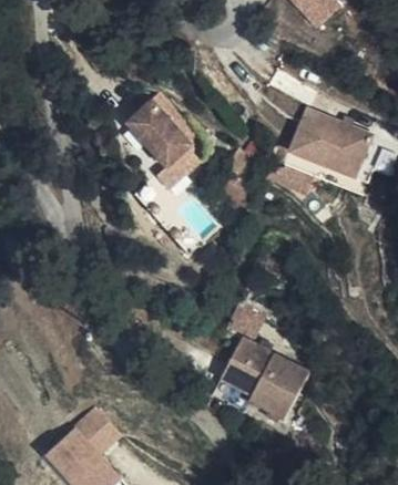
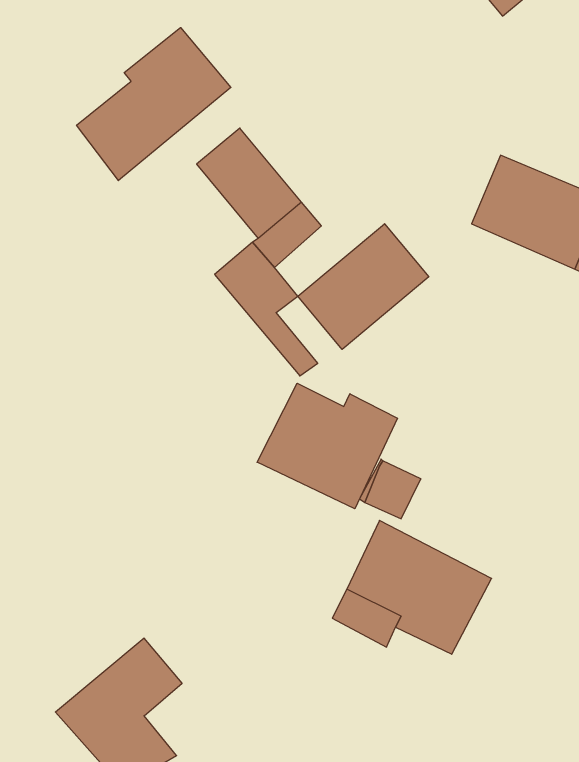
building: none -> [77,28,231,181]
building: none -> [298,224,429,349]
building: none -> [257,383,397,509]

